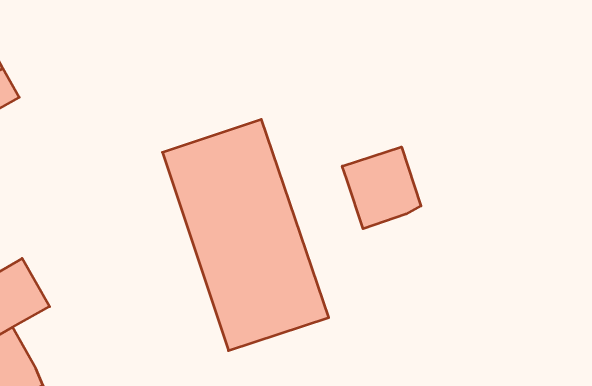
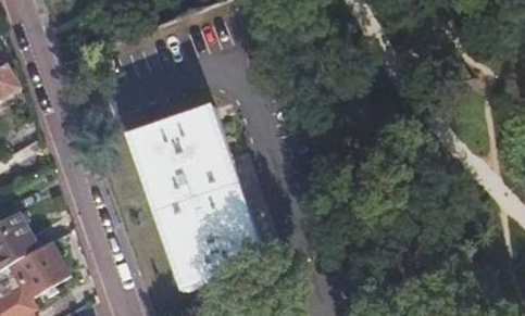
building: [342,147,421,229] -> none
building: none -> [11,247,76,302]

